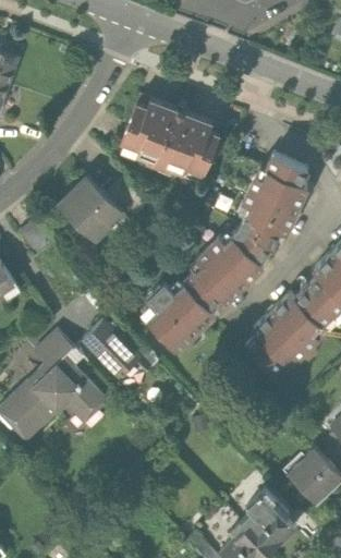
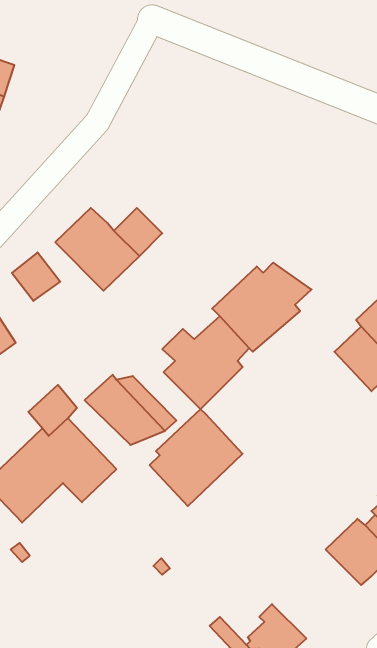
building: [119,100,220,183] -> none
building: [236,154,308,248] -> none
building: [244,298,324,380] -> [150,409,243,506]
building: [239,485,293,547] -> none

